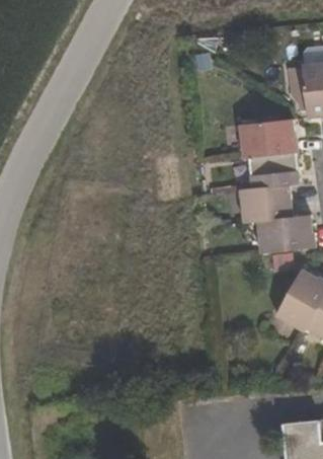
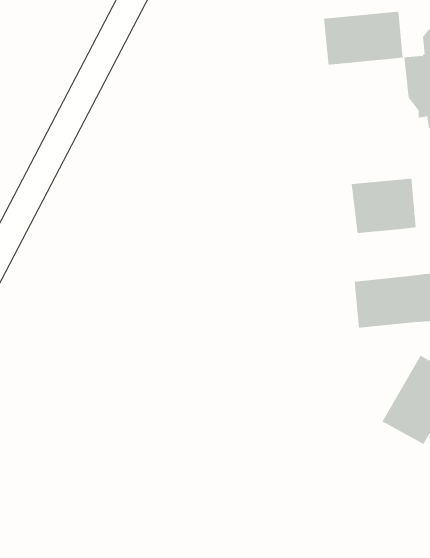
building: [239,118,295,155] -> [323,11,403,65]
building: [242,185,292,223] -> none

